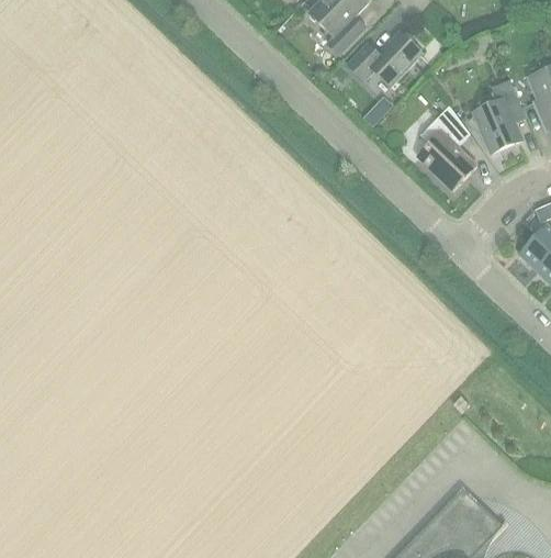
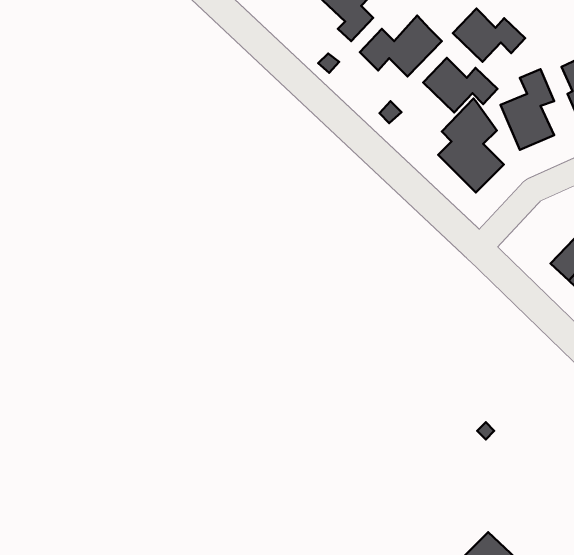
building: none -> [453,9,525,62]
building: none -> [423,58,497,113]

